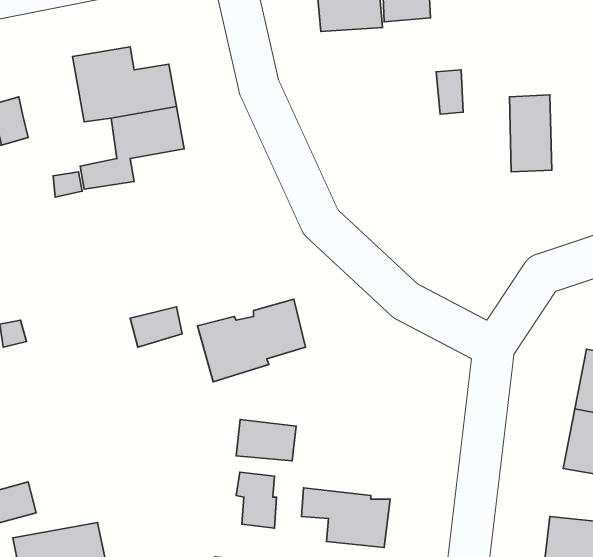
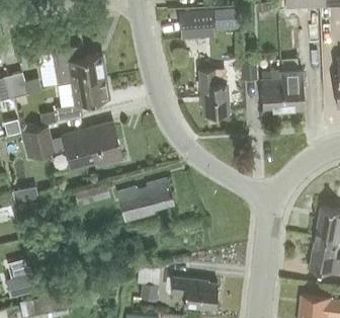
building: none -> [198,70,227,115]
building: none -> [259,72,281,111]
building: none -> [20,123,122,169]
building: [236,420,296,461] -> none

